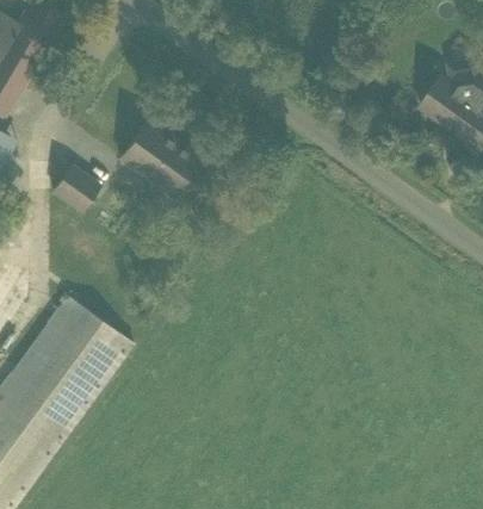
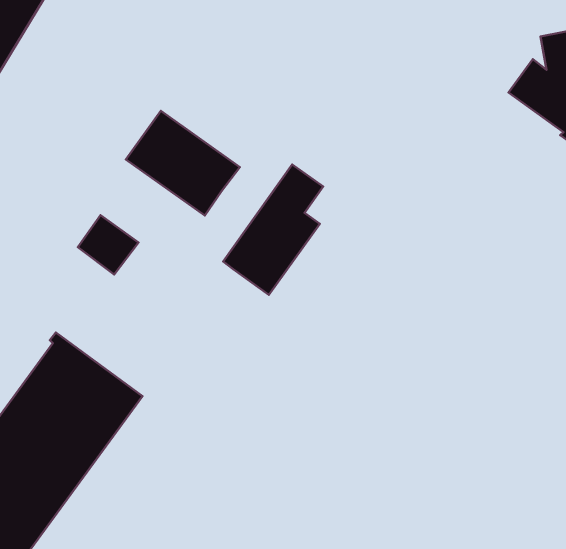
building: none -> [223,164,323,295]
building: [51,167,99,213] -> [78,215,139,274]

